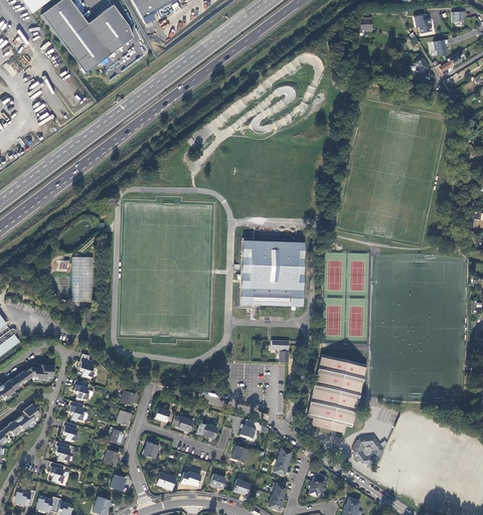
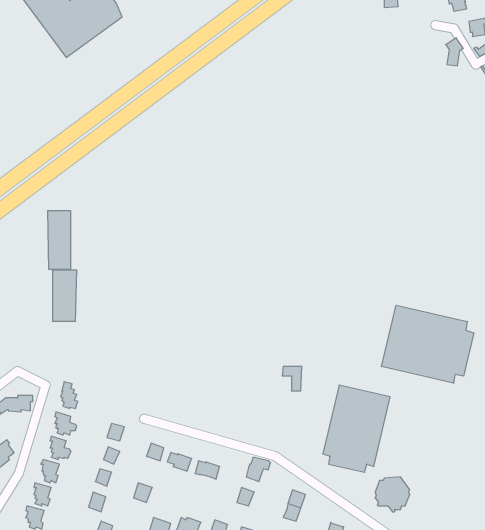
building: none -> [48,211,71,269]
building: [239,232,301,309] -> none
building: none -> [382,305,474,383]

